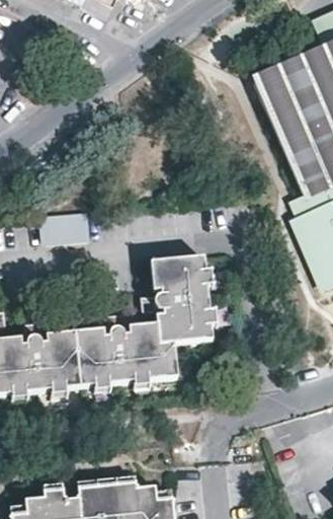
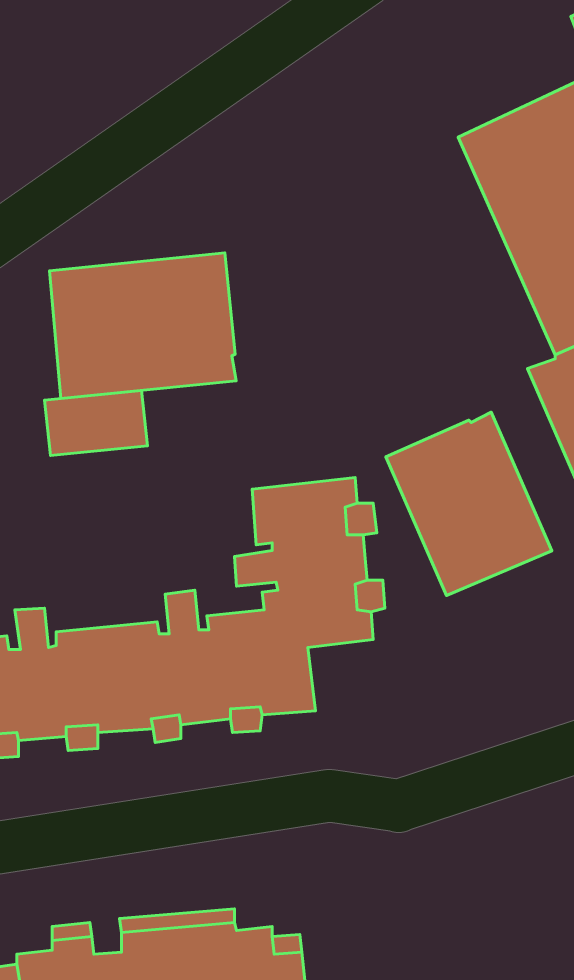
building: none -> [49,253,236,399]
building: none -> [386,412,552,596]

